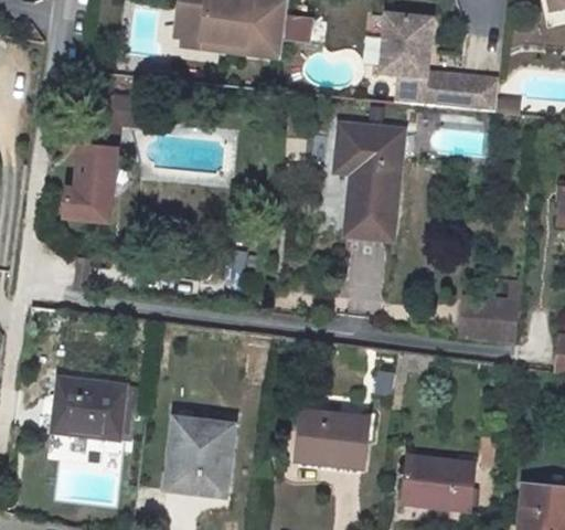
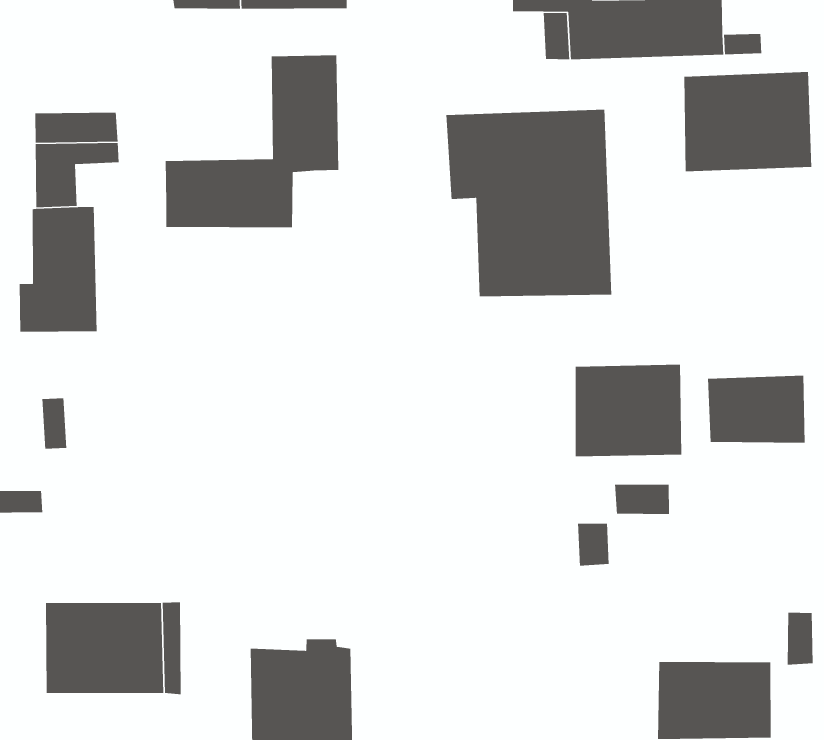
building: none -> [165,55,339,228]
building: none -> [684,71,812,172]
building: none -> [575,364,682,457]
building: [298,410,369,467] -> none

